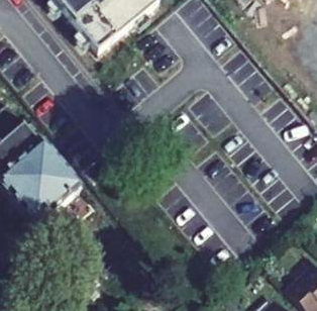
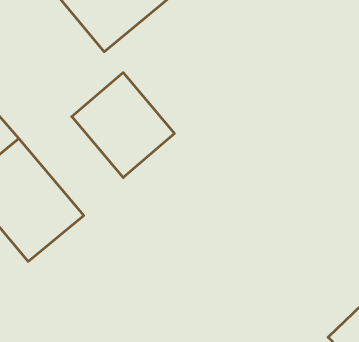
building: none -> [72,73,174,178]

